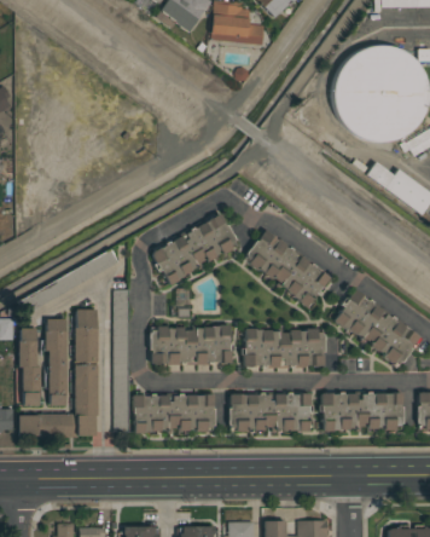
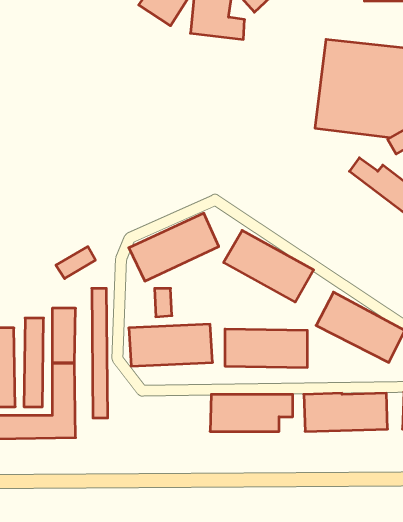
building: [134,394,215,432] -> none

